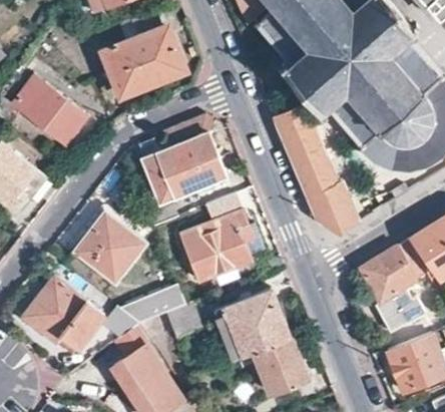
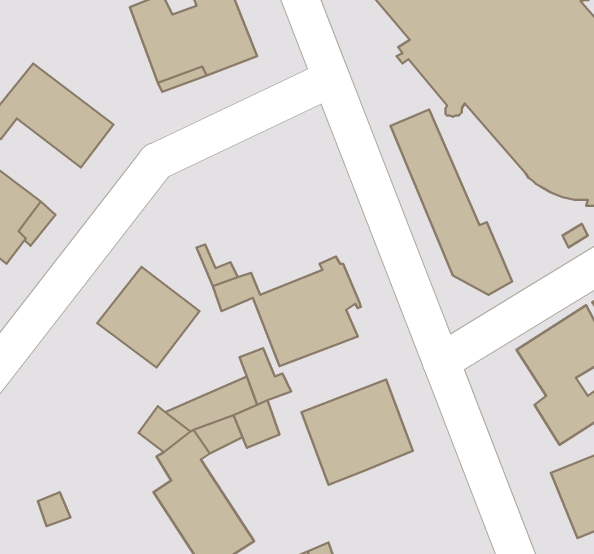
building: [142,116,226,203] -> none
building: [25,279,105,355] -> none
building: [256,338,306,393] -> none

